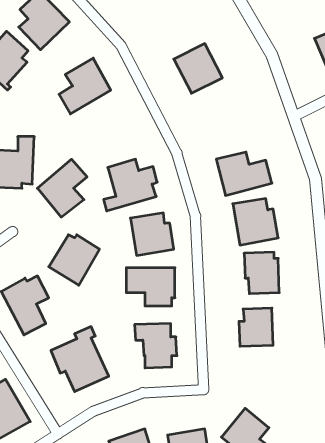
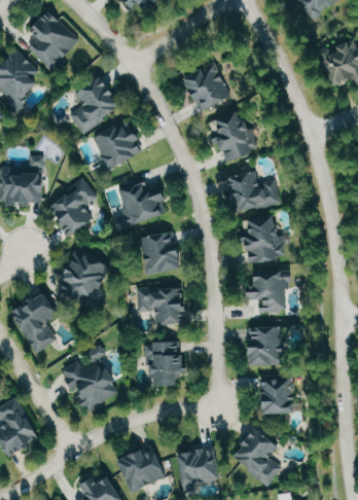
building: none -> [208,111,258,163]
building: none -> [91,118,141,169]
building: none -> [260,376,295,414]

